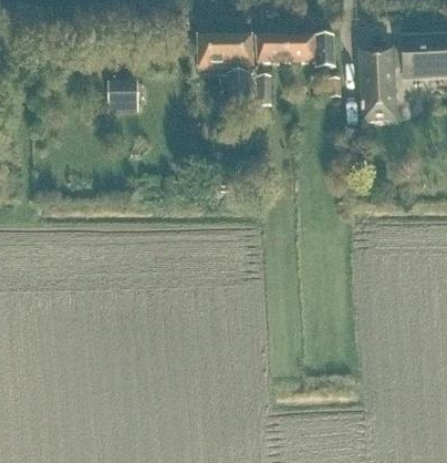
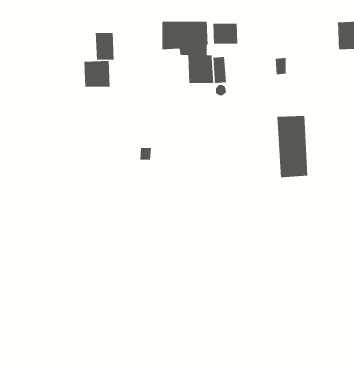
building: [287,34,335,65] -> none
building: none -> [95,32,114,61]
building: [360,48,396,120] -> [276,116,308,178]

